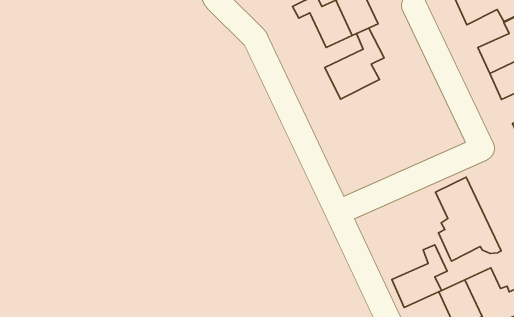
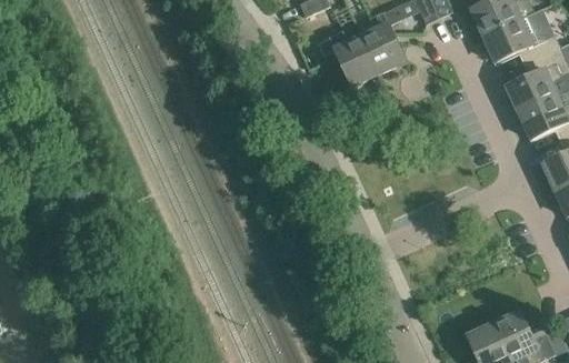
building: [325,28,384,99] -> none
building: [435,177,501,261] -> none
building: [392,245,447,307] -> none

